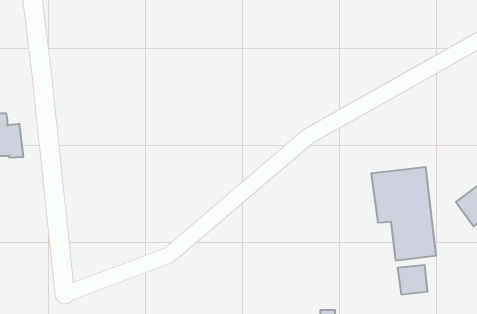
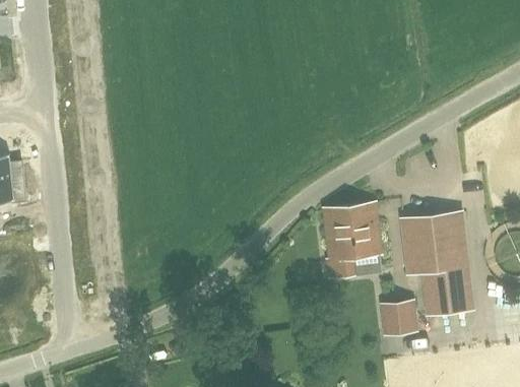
building: none -> [323,202,382,278]
building: [397,265,428,294] -> [382,303,414,334]

